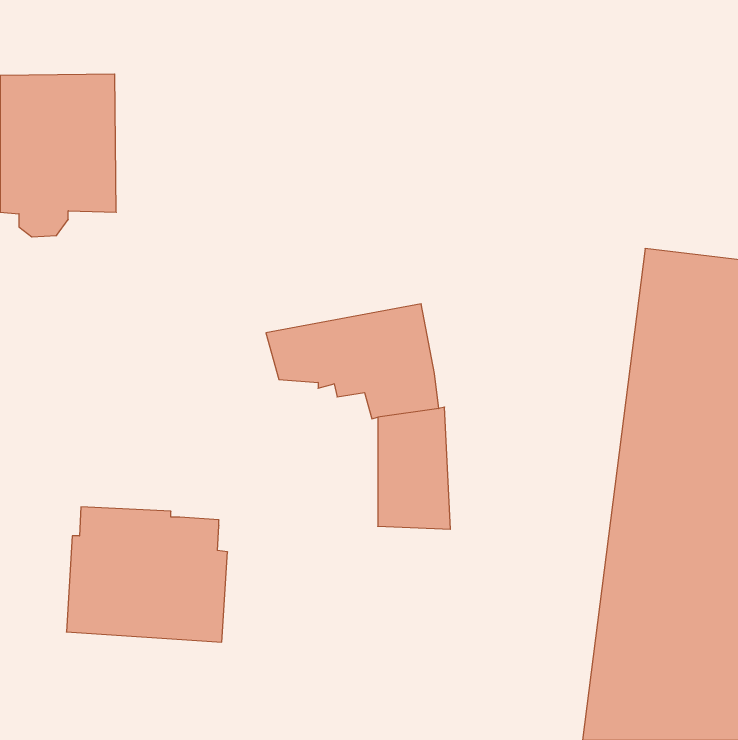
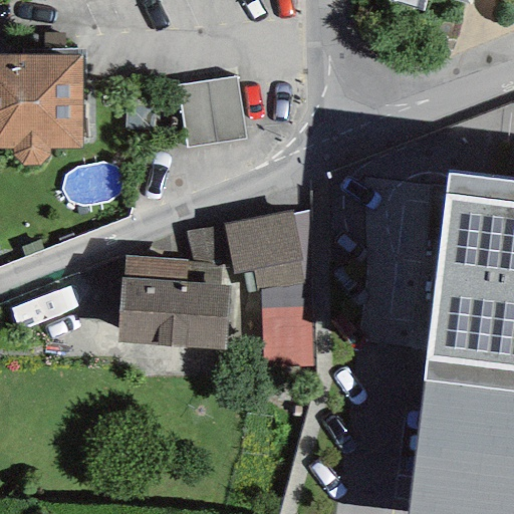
building: none -> [180,76,250,148]
building: [66,507,228,642] -> [117,255,229,348]

